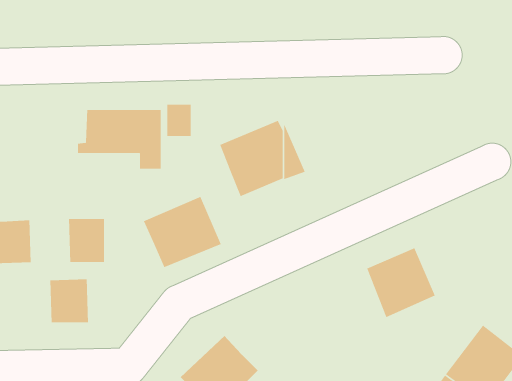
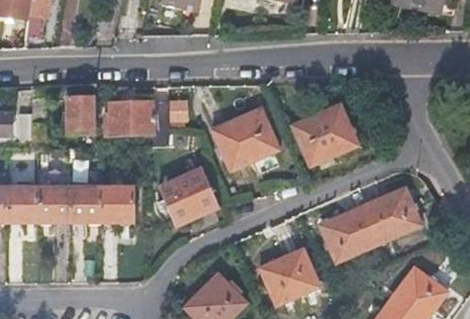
building: none -> [65,99,96,135]
building: none -> [291,103,357,165]
building: none -> [363,190,417,244]
building: [49,279,89,323] -> [67,185,97,219]
building: none -> [262,250,317,305]

